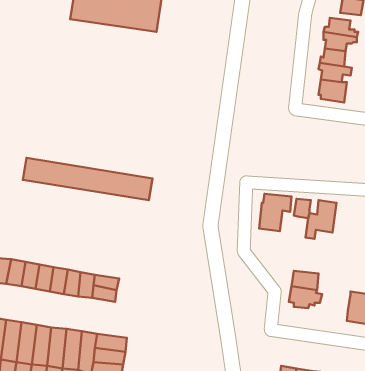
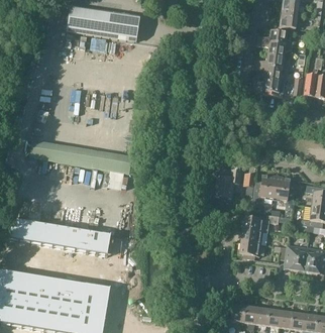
building: none -> [275,176,296,209]
building: none -> [244,214,281,233]

